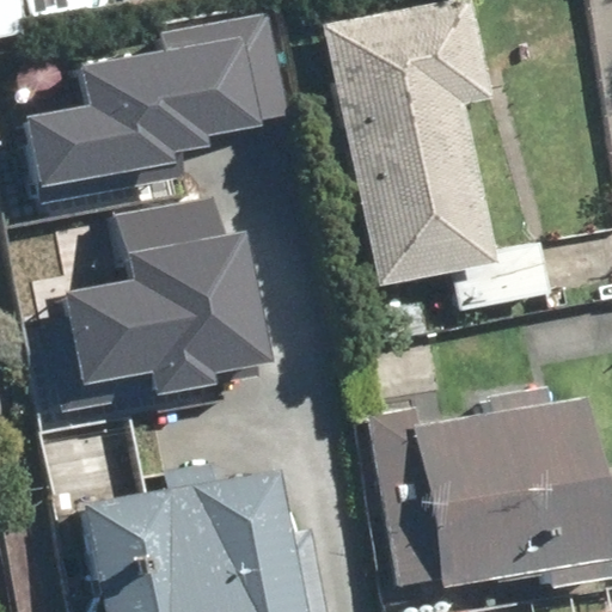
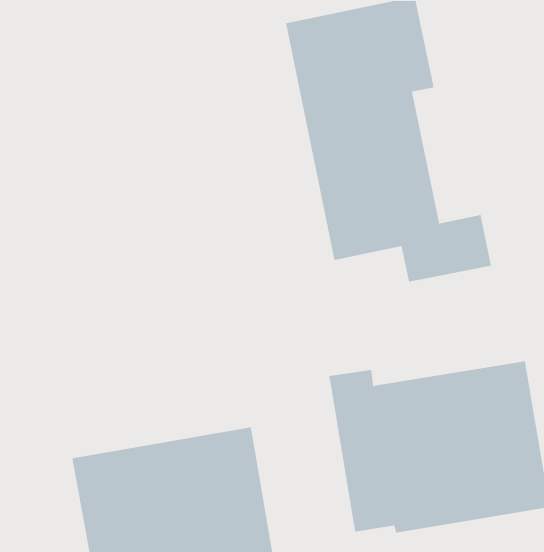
building: [20,8,298,182] -> none
building: [43,191,265,399] -> none

